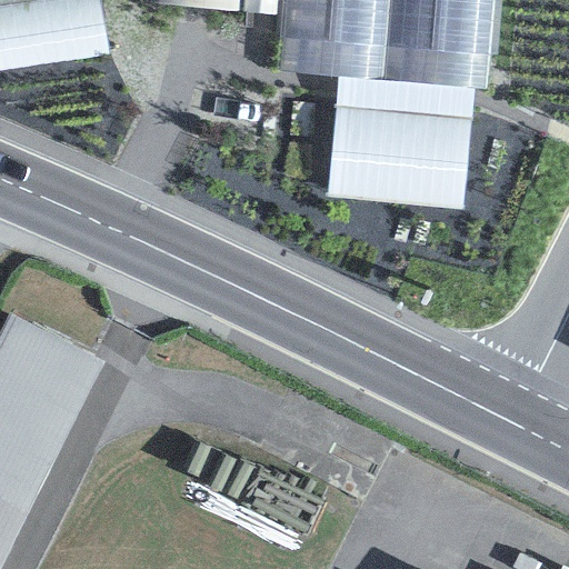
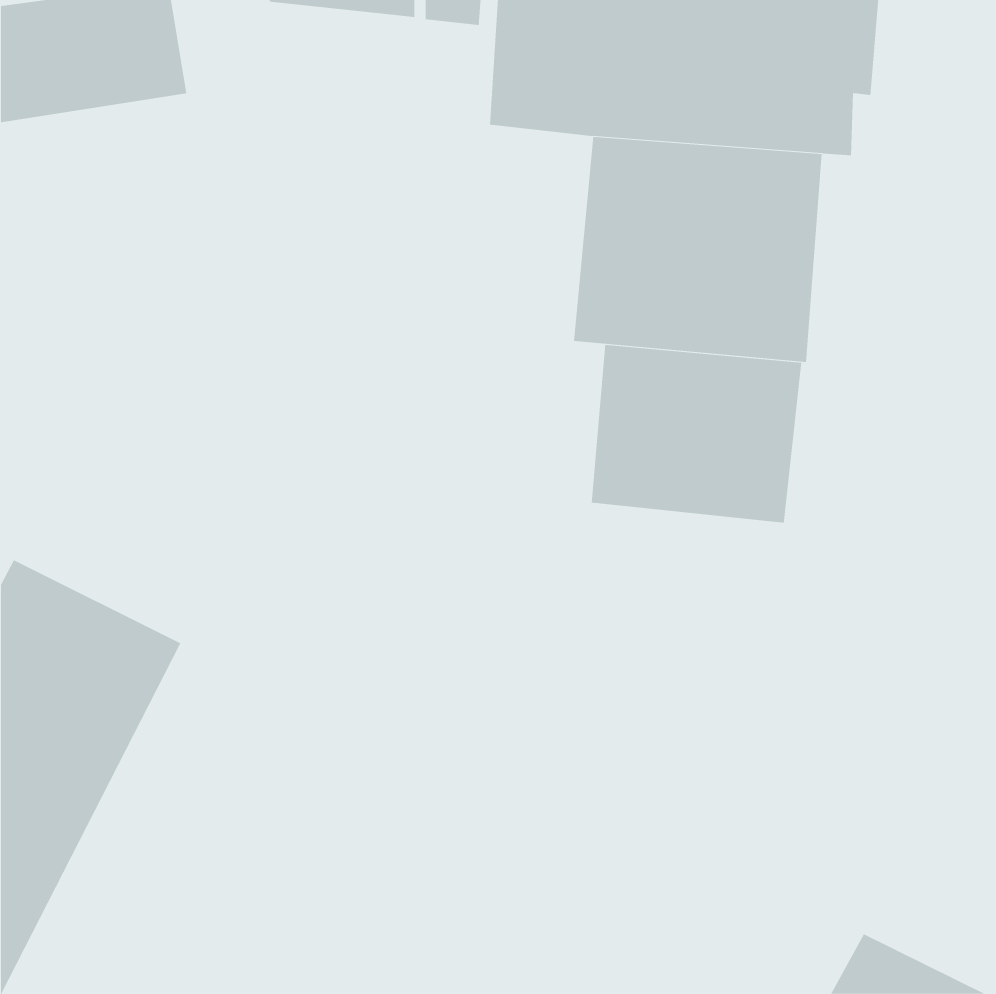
building: none -> [591,344,802,523]

